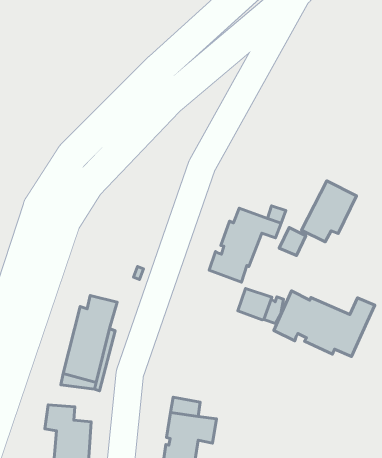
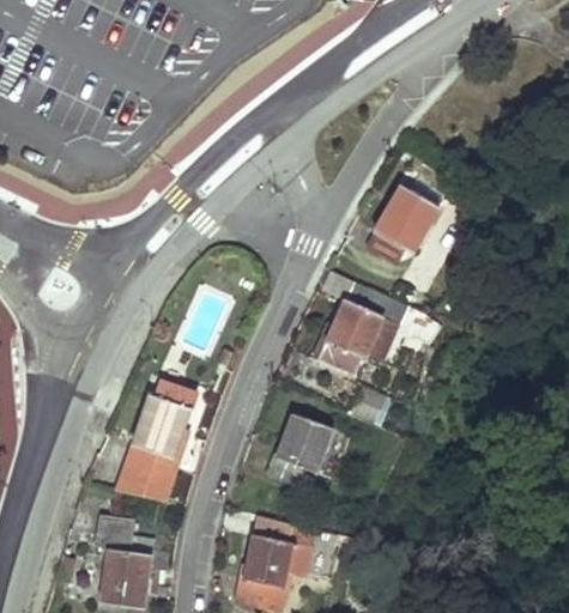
building: [302,181,356,242] -> [367,186,438,262]
building: [274,291,375,357] -> none
building: none -> [266,413,332,490]

